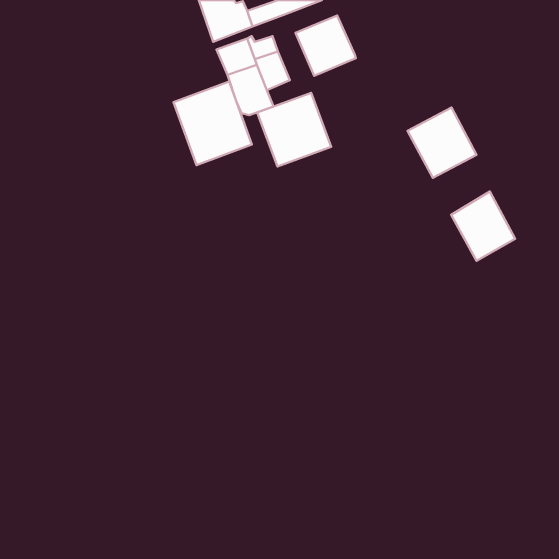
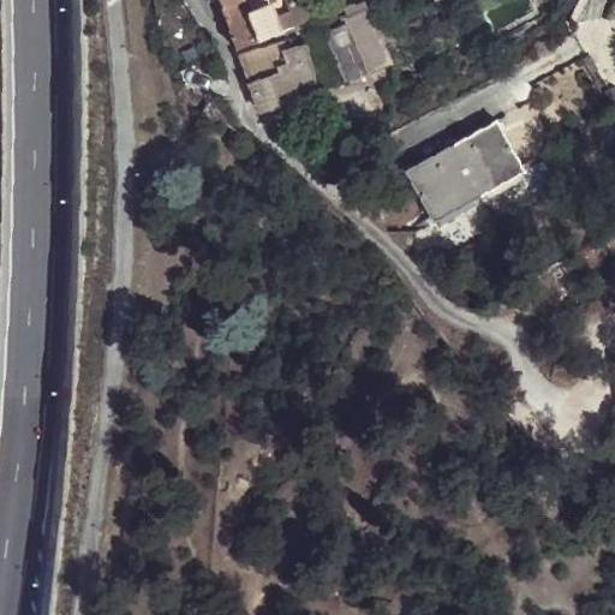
building: [174,82,252,165] -> none
building: [257,93,331,166] -> none
building: [451,192,515,261] -> [406,145,476,221]

